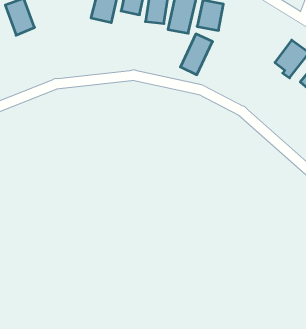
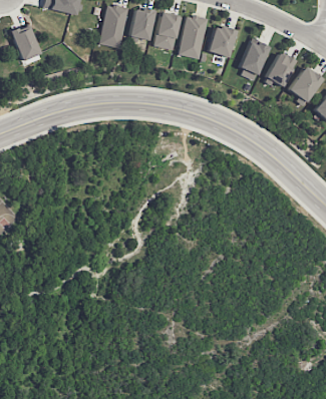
building: none -> [266,51,296,86]
building: [180,34,213,75] -> [237,39,270,81]

